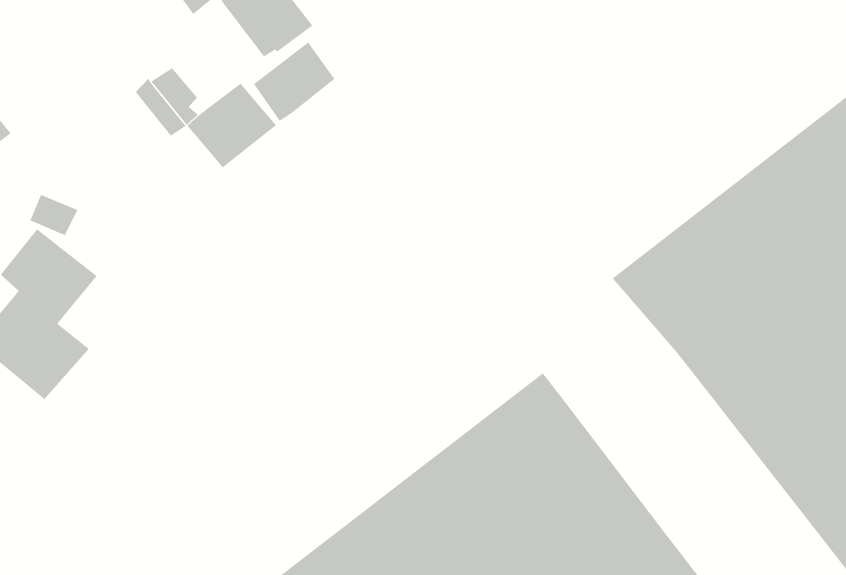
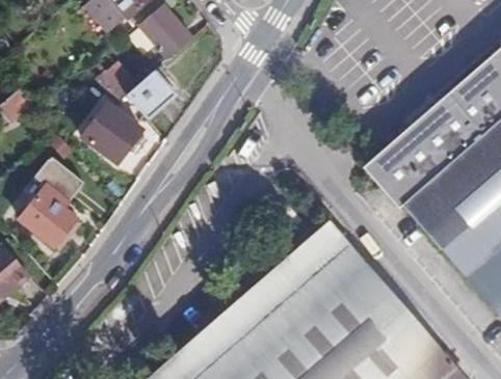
building: [253,41,335,122] -> none
building: none -> [80,103,140,161]

